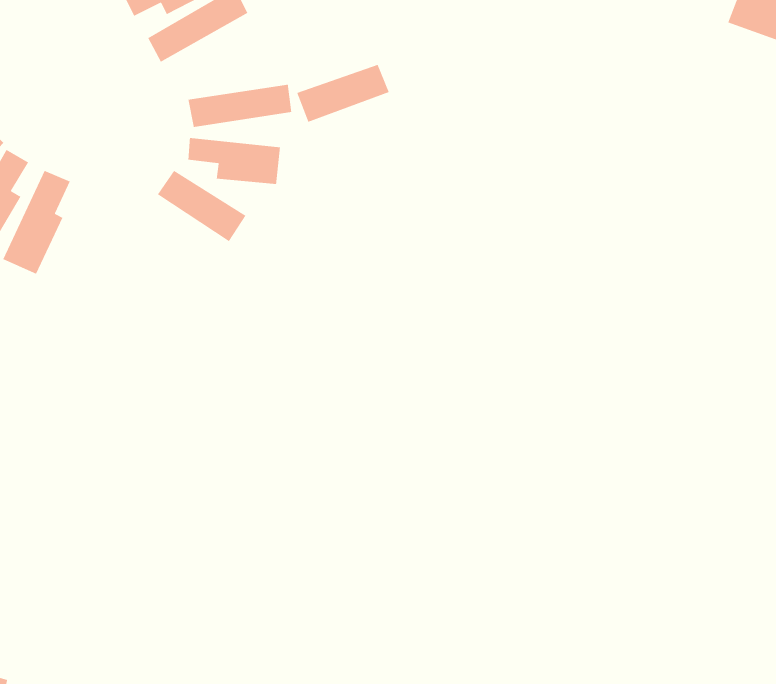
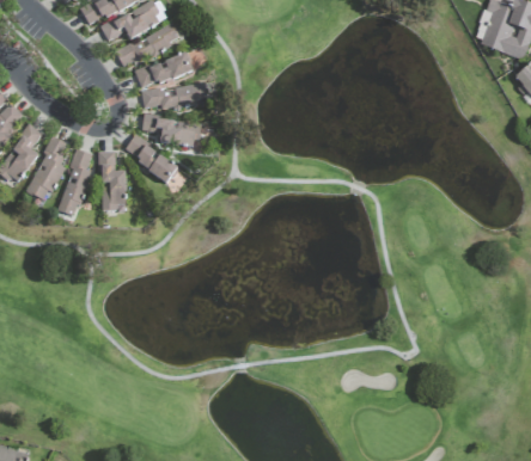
building: [296,64,390,123] -> [134,53,193,90]
building: none -> [56,149,92,216]
building: none -> [99,150,126,208]

